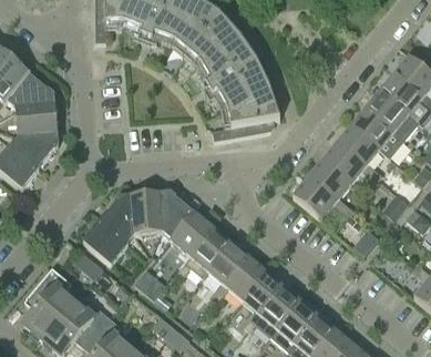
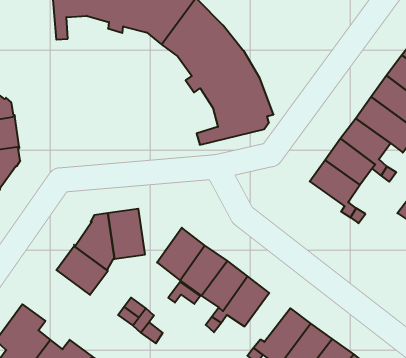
building: [293,177,336,218] -> none
building: [157,191,194,239] -> none
building: [243,272,284,314] -> none

